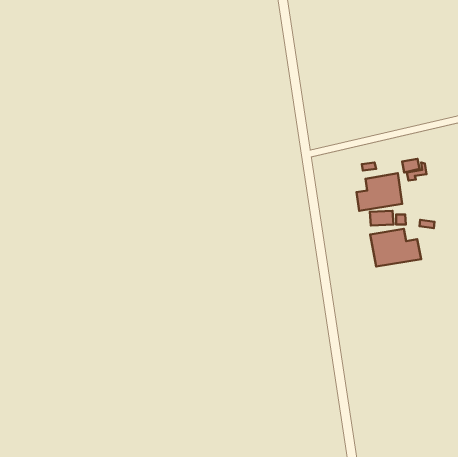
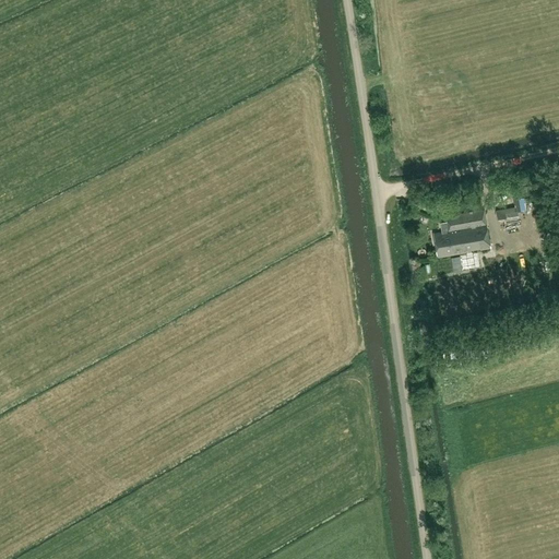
building: [370,229,421,267] -> none

